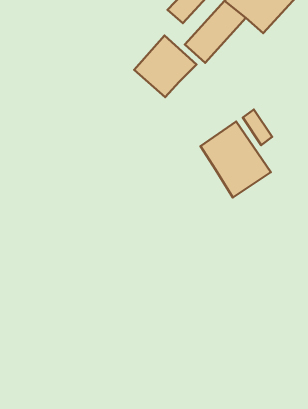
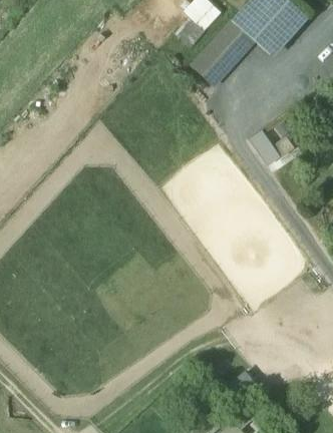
building: [134,36,196,97] -> none
building: [200,122,271,197] -> none

